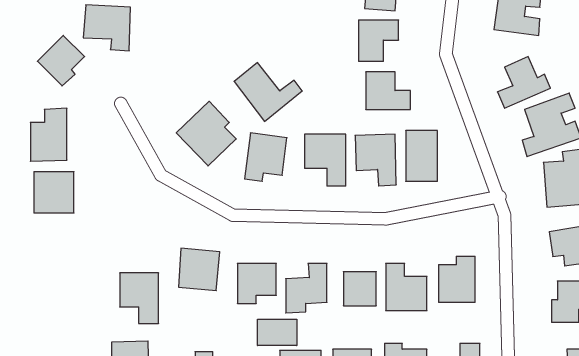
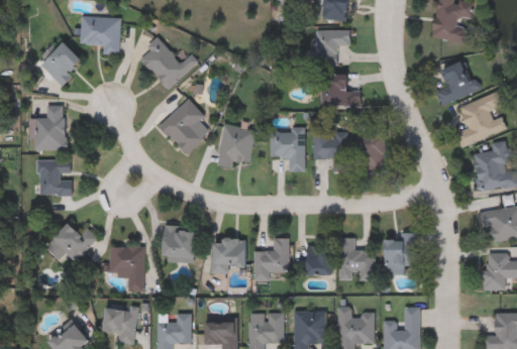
building: [234,63,302,121] -> [140,39,199,90]
building: none -> [53,222,98,260]
building: [258,319,297,346] -> none

